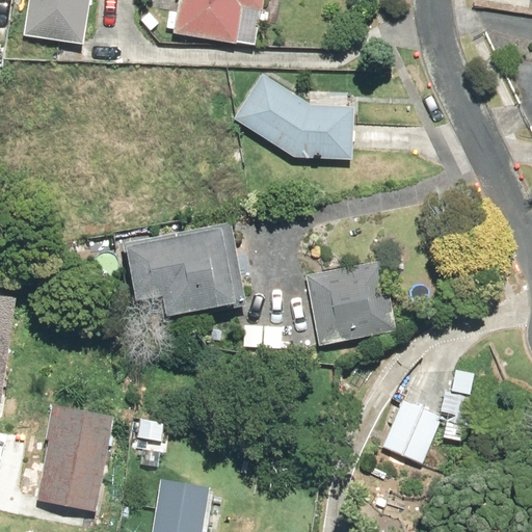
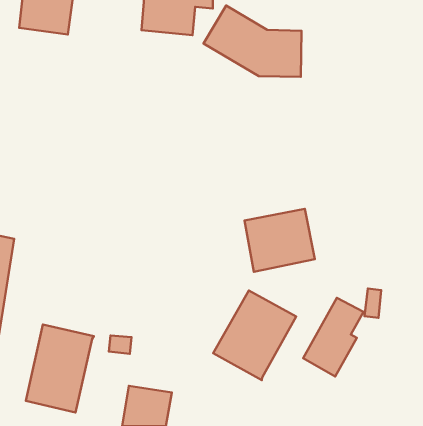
building: [231,73,352,161] -> [204,6,302,77]
building: [126,225,246,326] -> none
building: none -> [213,291,296,380]

